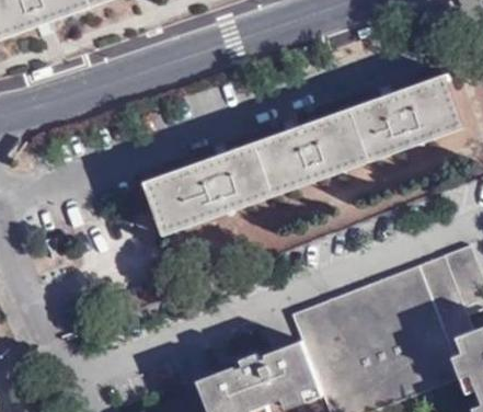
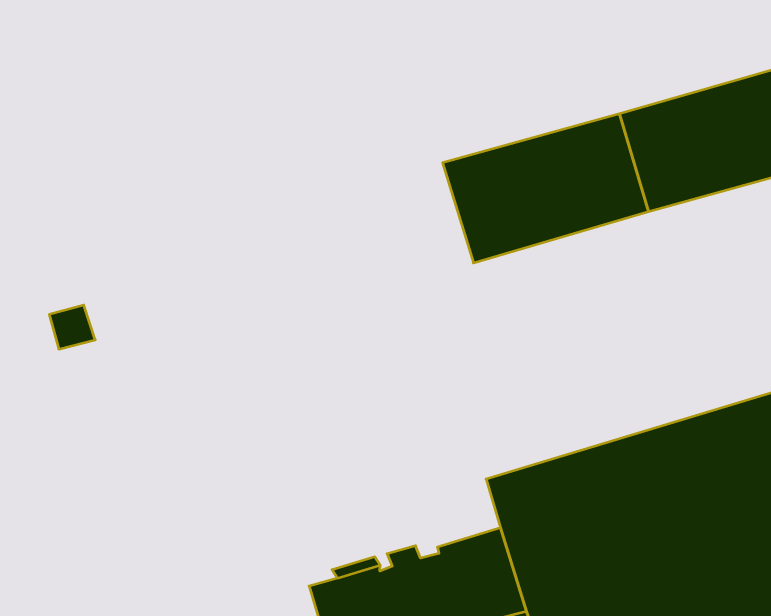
building: [143,142,274,237] -> none

